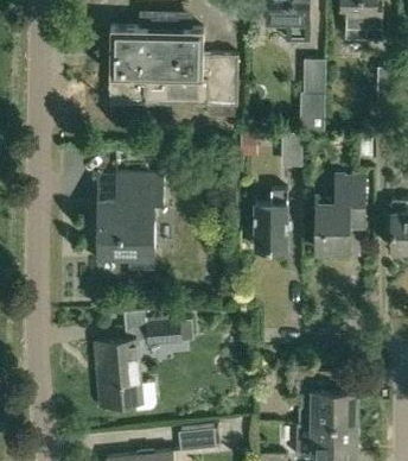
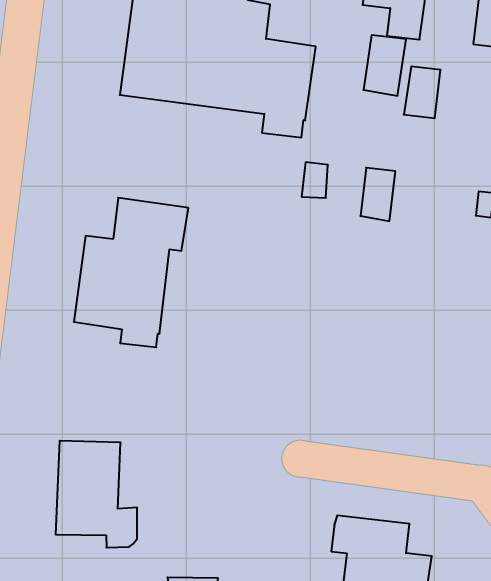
building: [300,94,325,133] -> [363,35,406,96]
building: [315,177,365,257] -> none
building: [254,189,288,251] -> none
building: [146,318,193,346] -> none

